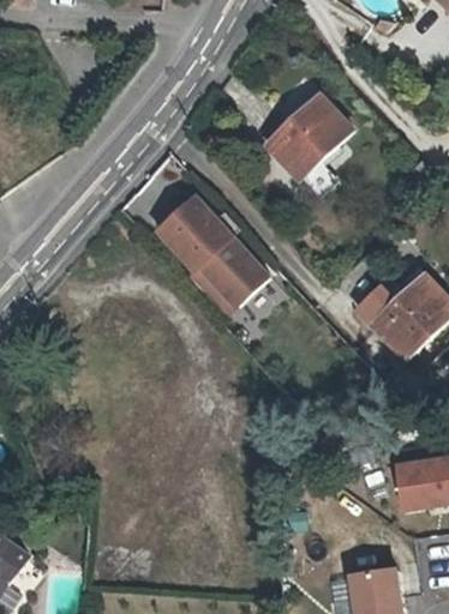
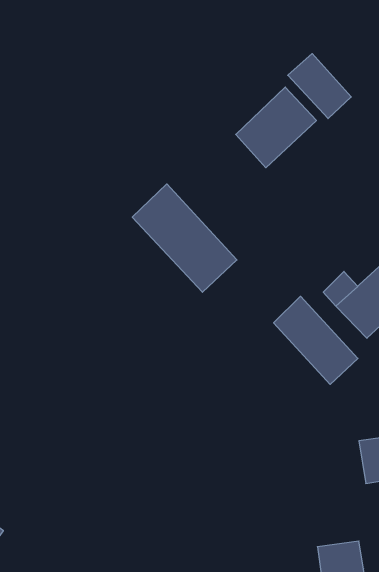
building: none -> [288,54,351,119]
building: none -> [274,296,358,384]

